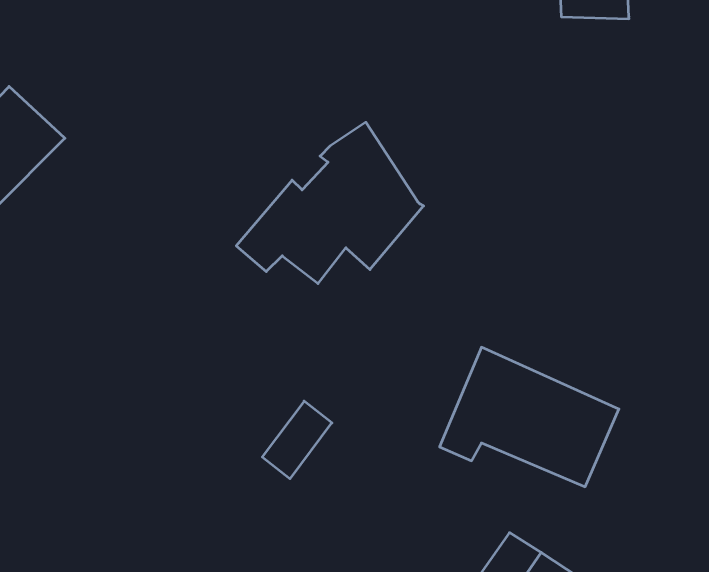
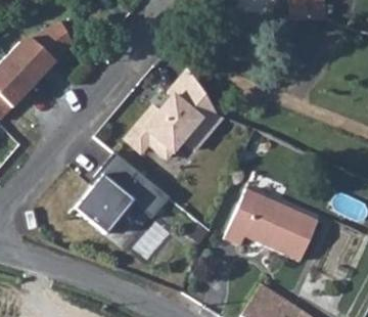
building: none -> [7,22,74,83]
building: none -> [73,152,168,233]

